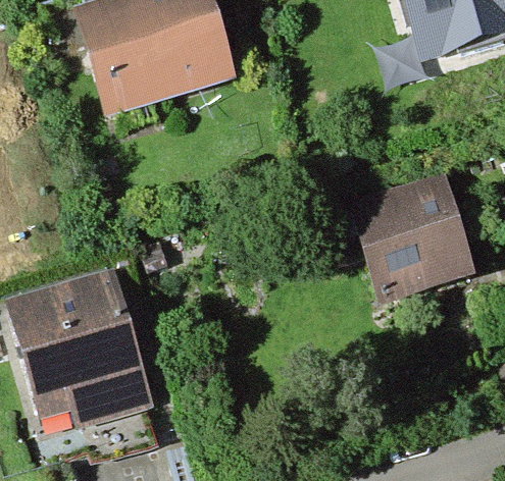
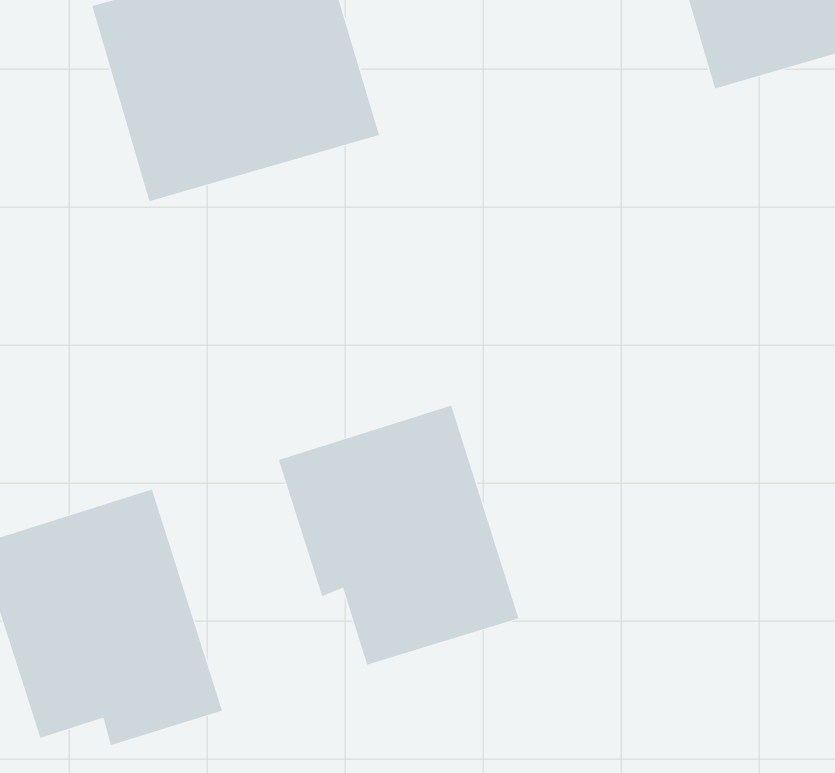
building: [355,169,474,297] -> none
building: none -> [278,405,519,665]

